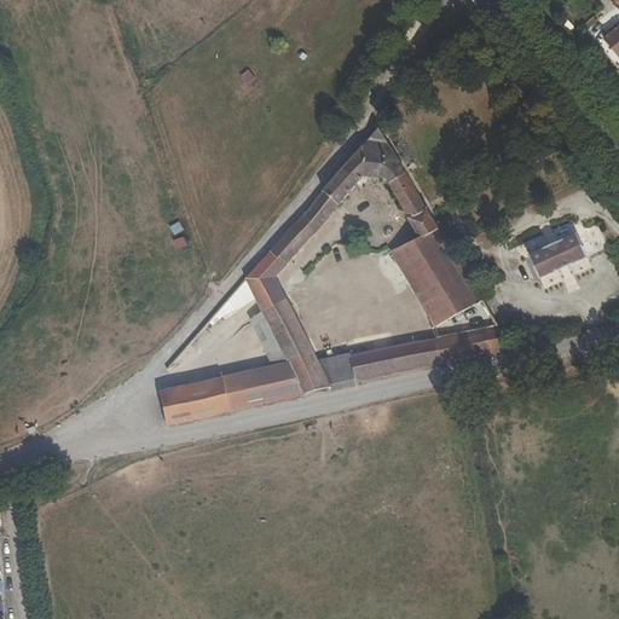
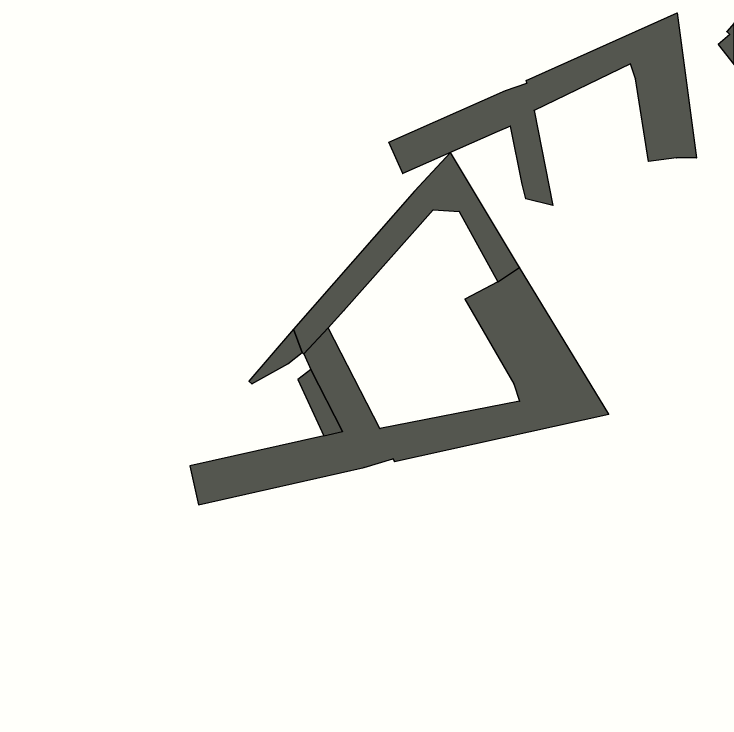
building: none -> [389,13,696,205]
building: [523,222,608,278] -> none

